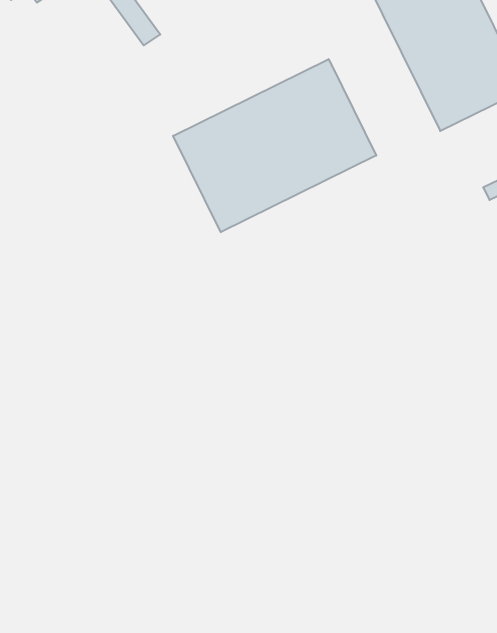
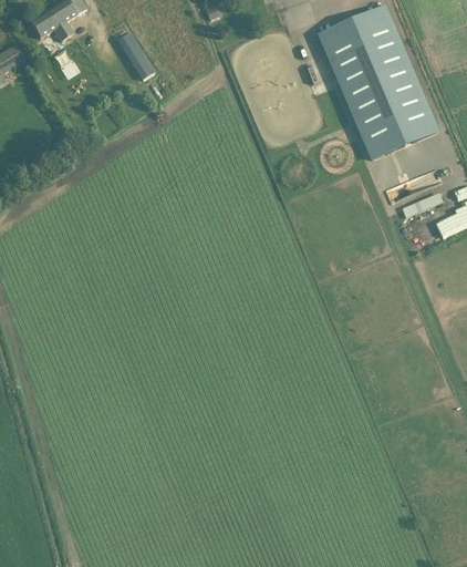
building: [173,59,376,232] -> none

